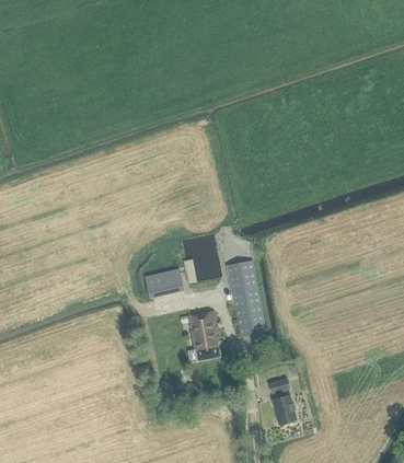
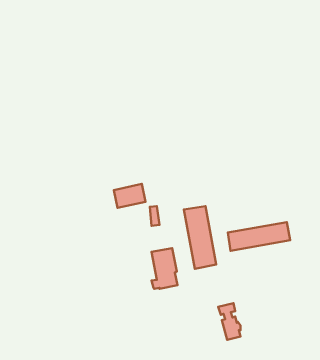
building: [146,267,184,297] -> [114,184,145,208]
building: none -> [228,222,290,251]

